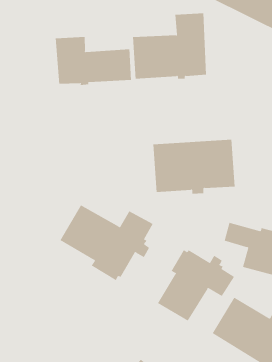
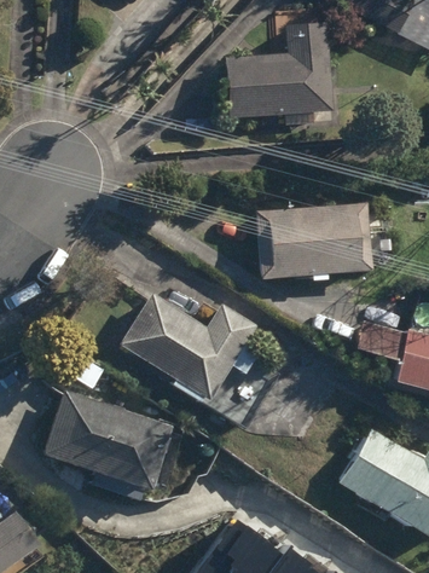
building: [55,36,131,86] -> none
building: [157,249,235,321] -> none
building: none -> [44,390,182,513]

